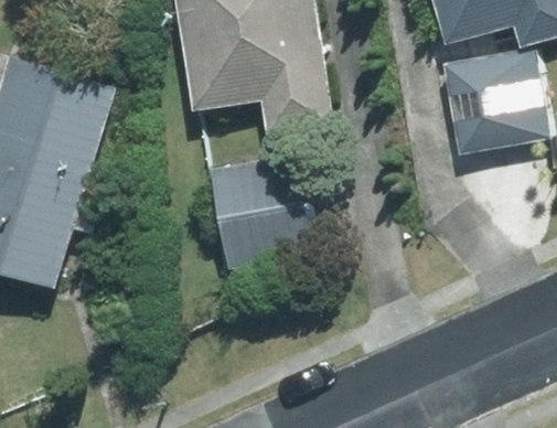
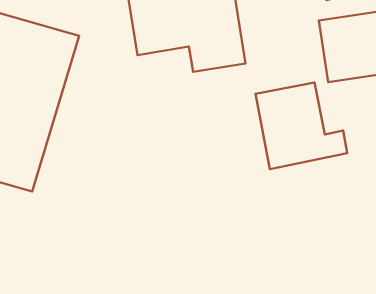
building: none -> [256,82,347,169]
building: [210,152,309,268] -> none

